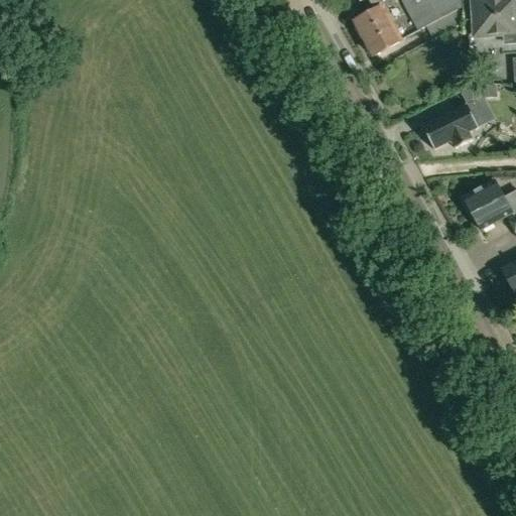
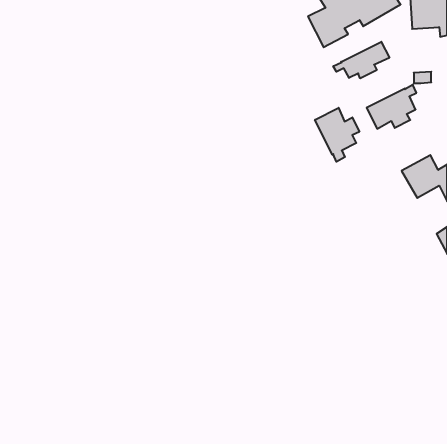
building: none -> [333,42,389,78]
building: none -> [315,108,359,162]

